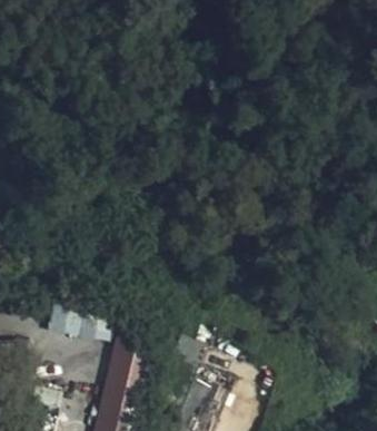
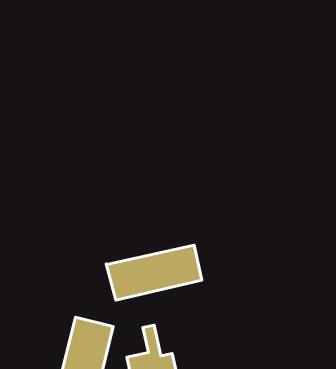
building: none -> [106,245,202,300]

